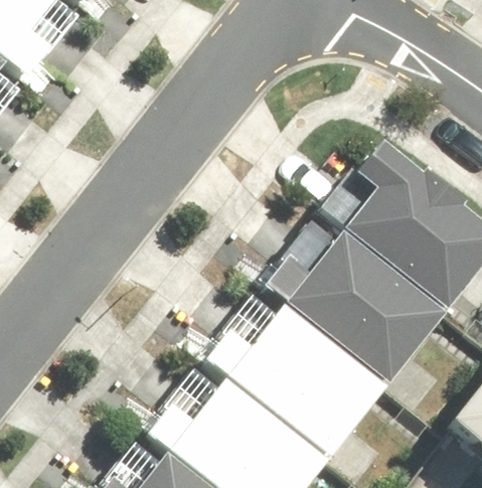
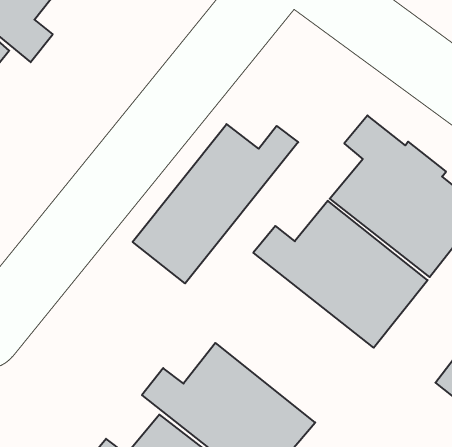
building: none -> [133,124,298,283]
building: [208,302,388,455] -> none

